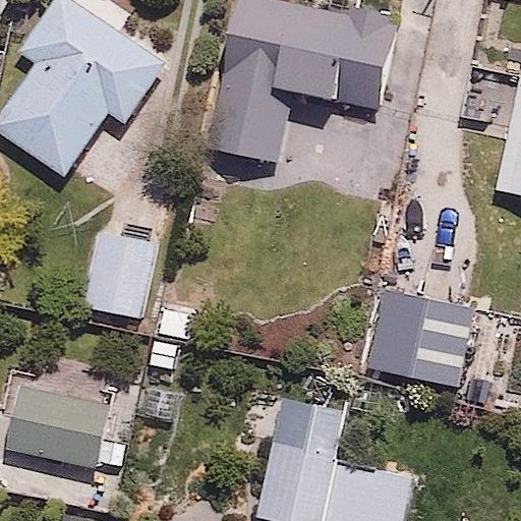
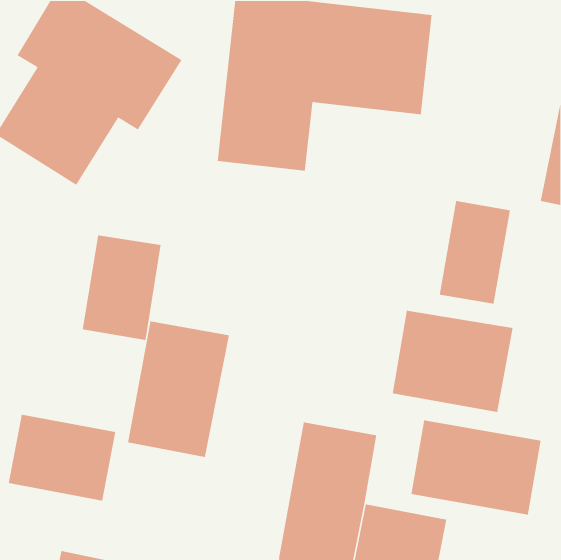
building: none -> [439,200,511,305]
building: none -> [127,321,230,458]
building: none -> [411,419,542,516]

